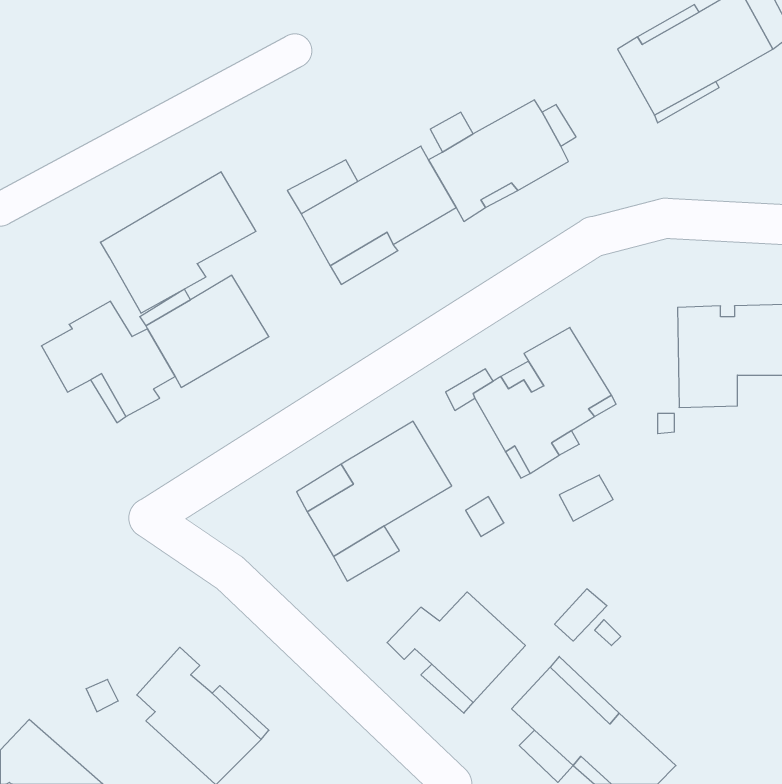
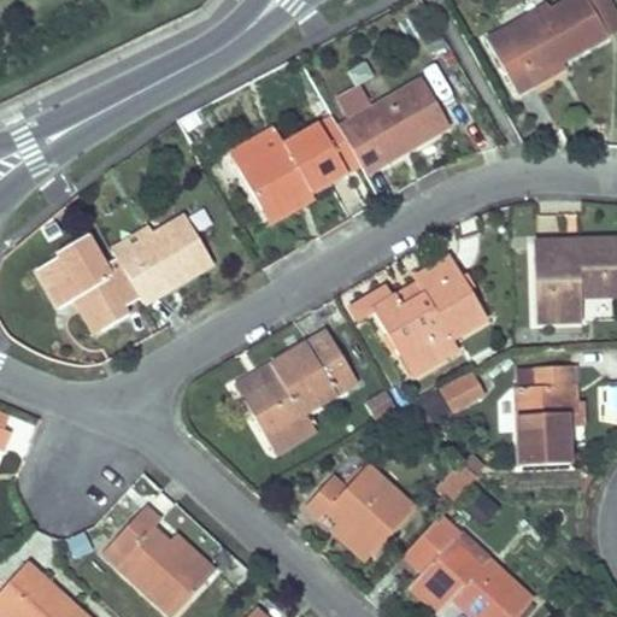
building: [100,172,256,313] -> none
building: none -> [518,365,576,465]

